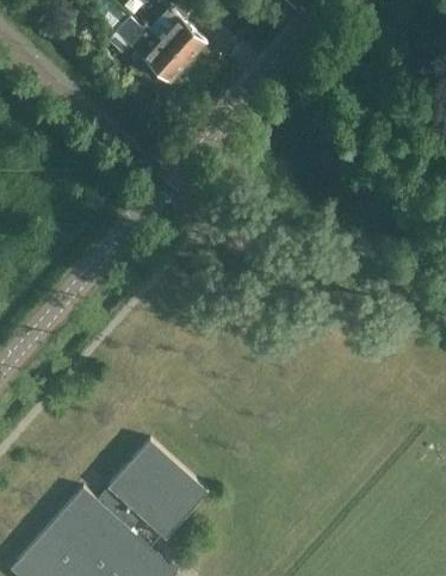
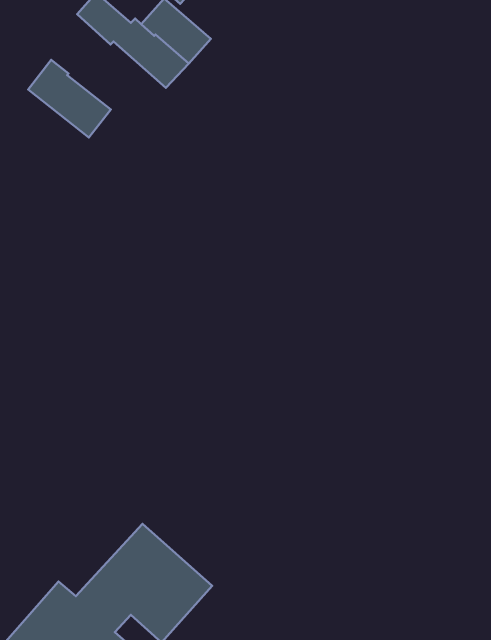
building: none -> [28,60,111,137]

